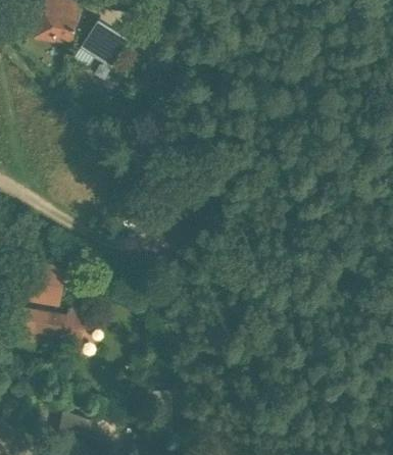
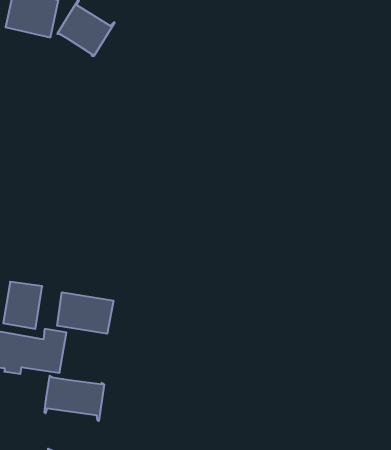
building: none -> [57,292,113,334]
building: none -> [44,376,104,421]

